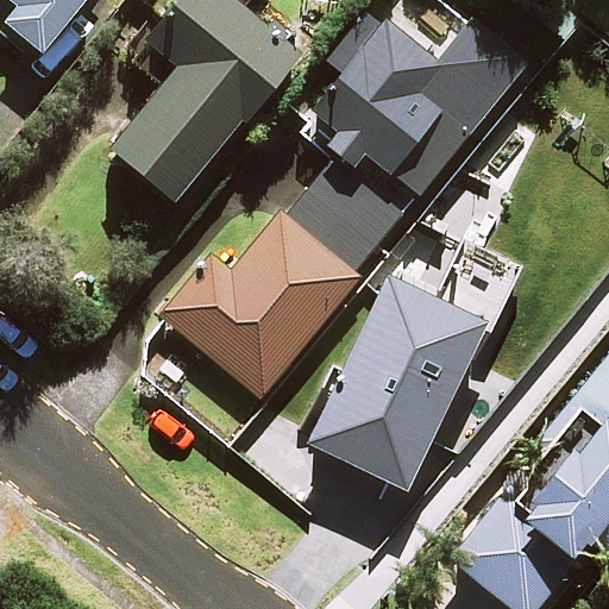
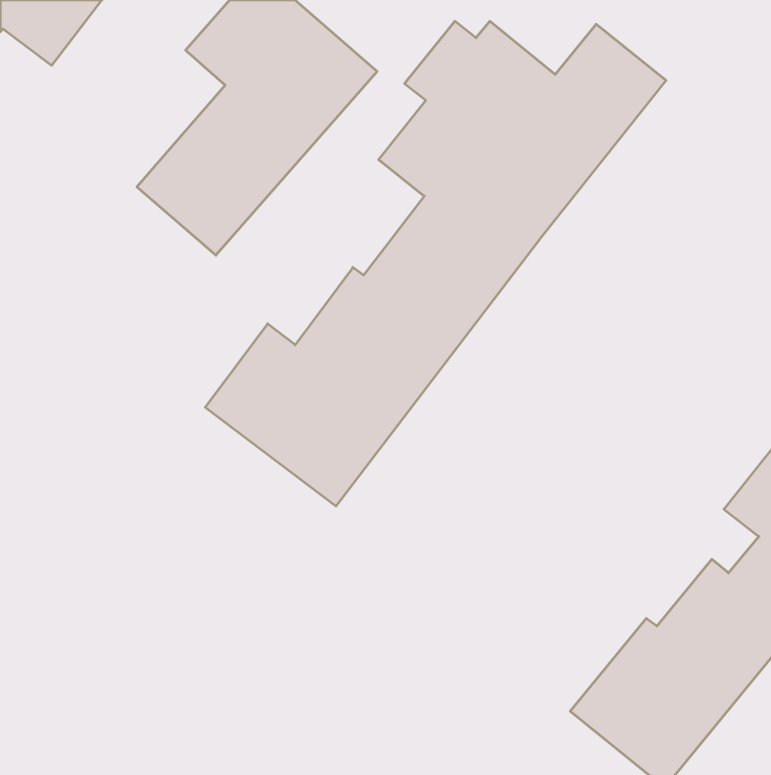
building: [306,272,489,489] -> none

